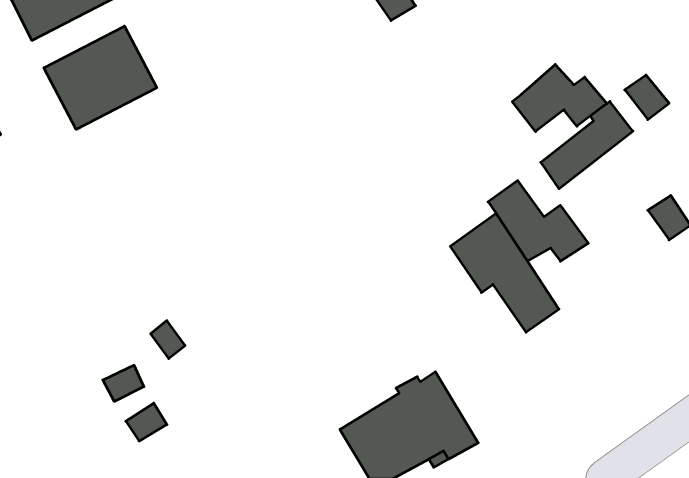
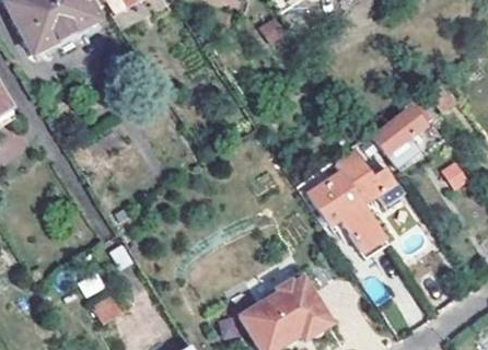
building: [44,26,157,129] -> none
building: [512,64,607,132] -> none

